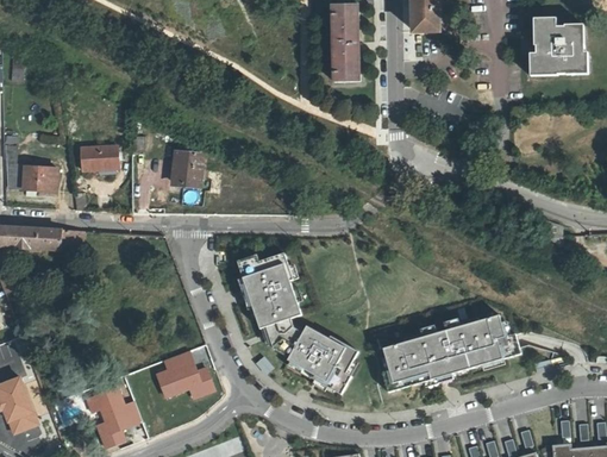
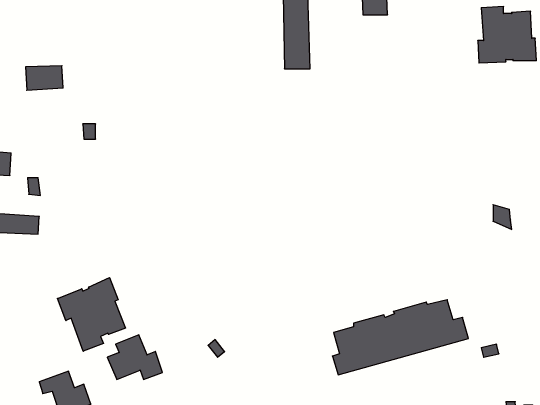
building: [80,145,118,170] -> [26,66,63,90]
building: [171,152,201,184] -> none
building: [237,252,357,394] -> none
building: none -> [57,278,126,351]

